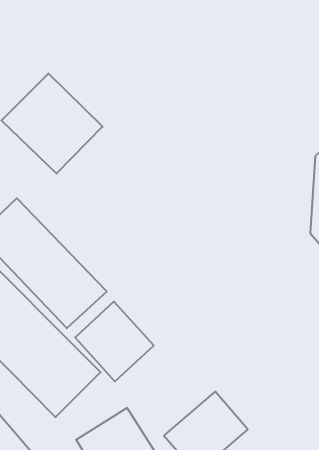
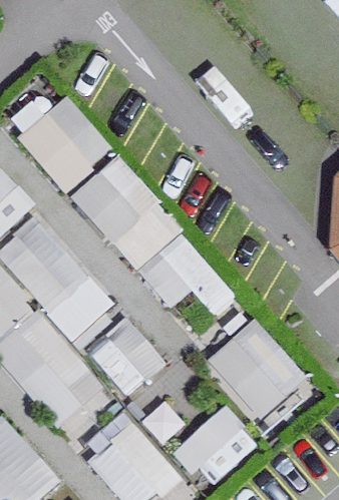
building: none -> [71,159,211,309]
building: none -> [204,318,310,424]

